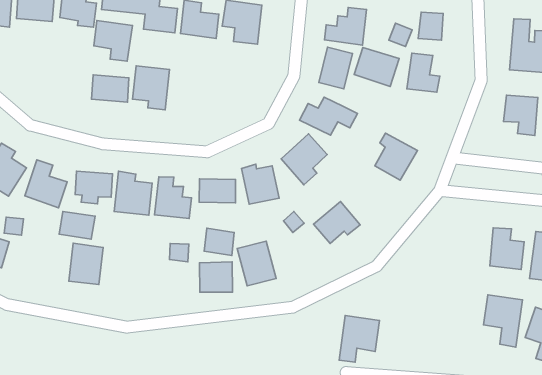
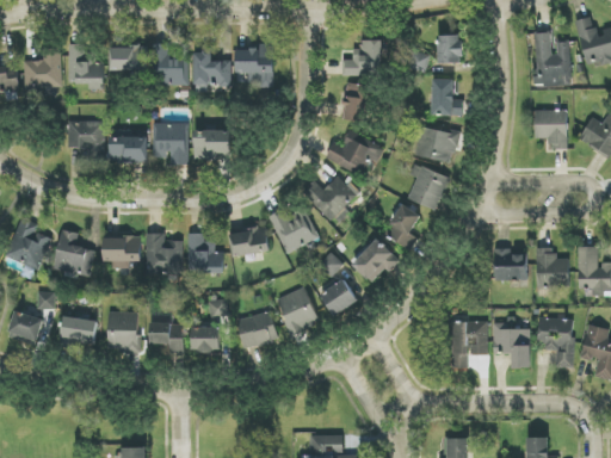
building: [94,20,132,61] -> [68,120,105,159]
building: [354,47,399,87] -> [414,126,458,163]
building: none -> [193,130,230,160]
building: none -> [383,204,420,249]
building: [59,211,95,239] -> [61,317,95,342]
building: none -> [493,248,526,280]
building: [204,228,234,255] -> [191,327,220,352]
building: none -> [320,279,357,316]
building: none -> [149,322,184,353]
building: none -> [492,321,530,367]
building: [339,315,380,362] -> [450,321,487,367]

